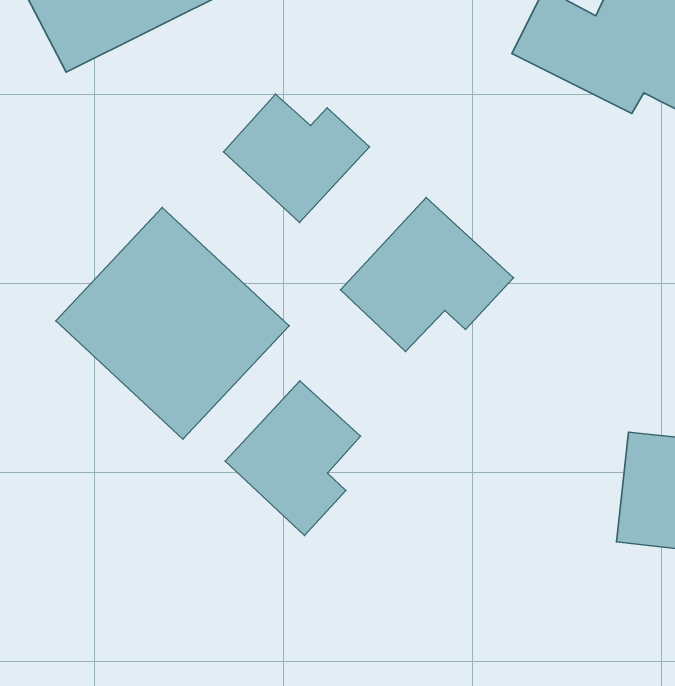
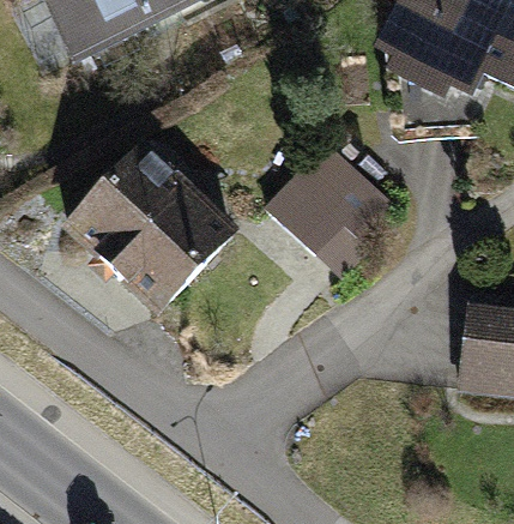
building: [223,94,370,222] -> none
building: [225,381,360,535] -> none

